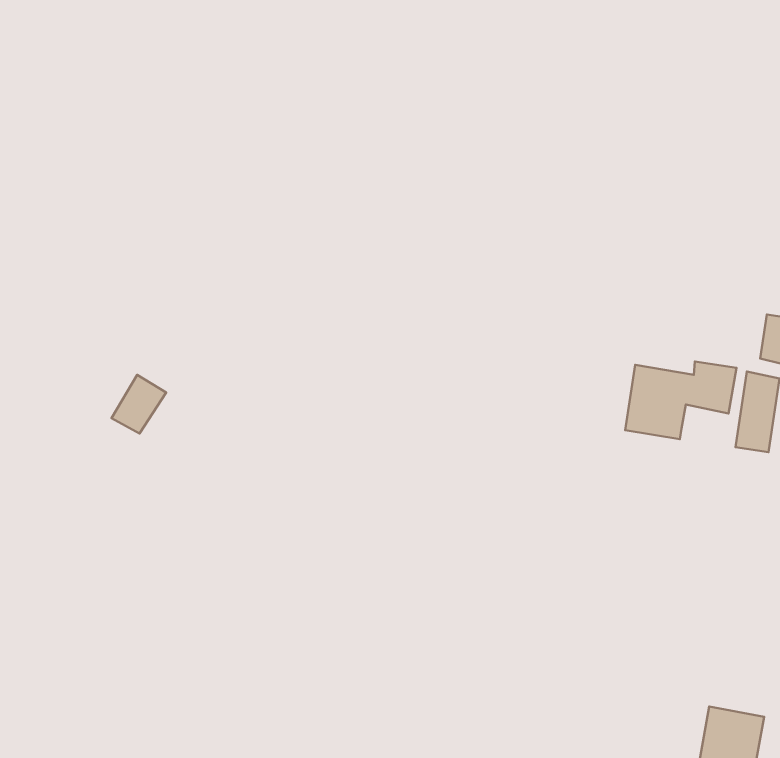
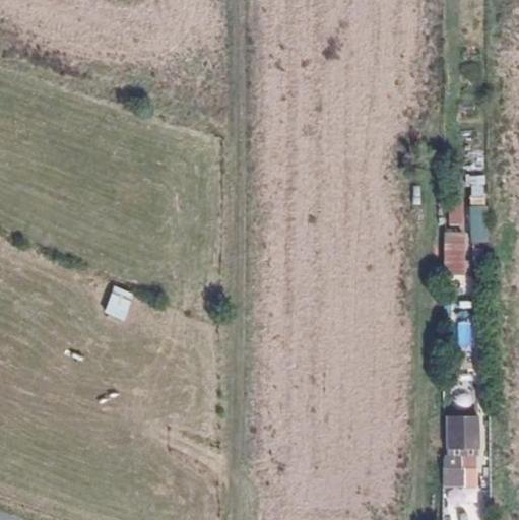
building: [625,361,736,439] -> none

